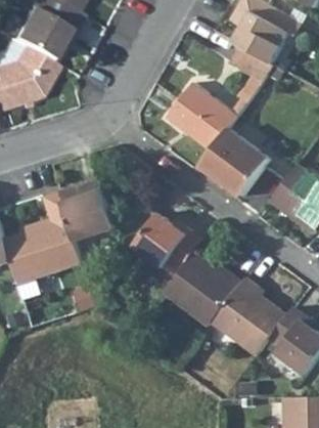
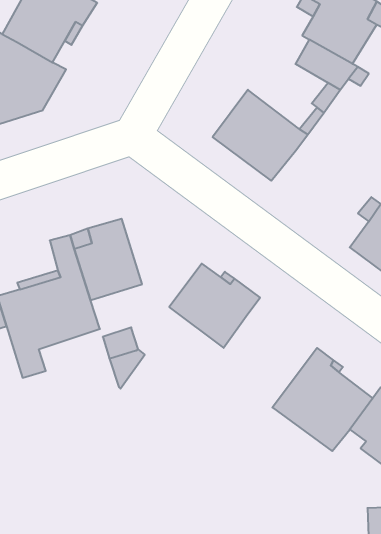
building: [200,129,269,196] -> none
building: [163,252,241,327] -> none

